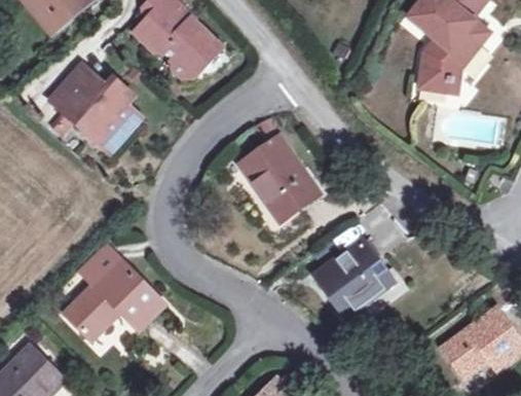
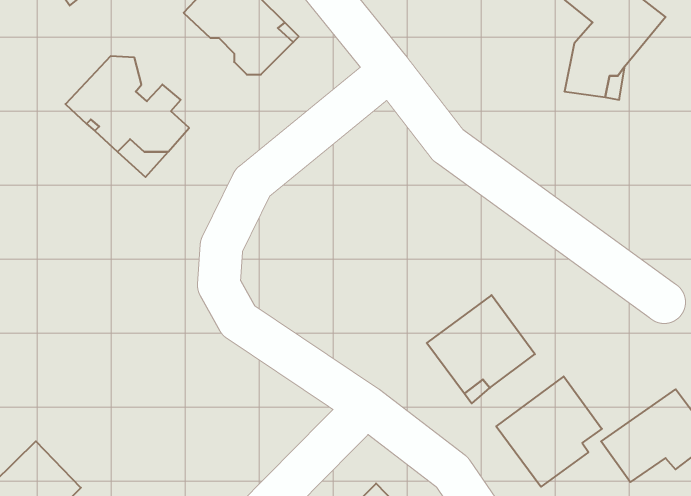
building: [238,135,319,220] -> none
building: [64,257,163,337] -> none
building: none -> [496,376,602,487]

